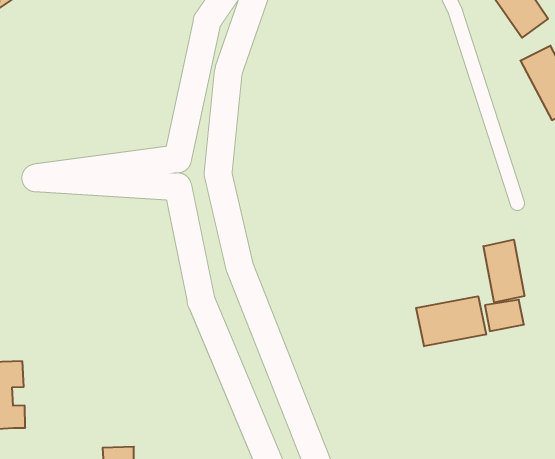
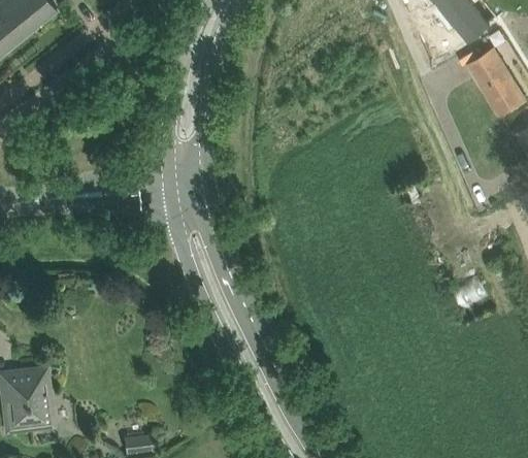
building: [483,240,524,302] -> none
building: [416,296,486,346] -> none

